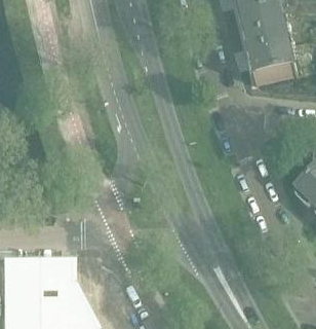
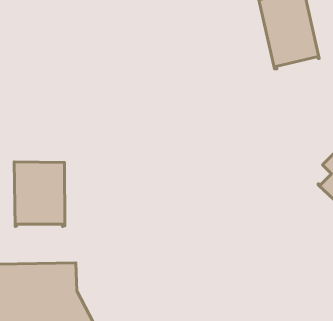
building: none -> [14,162,65,226]

